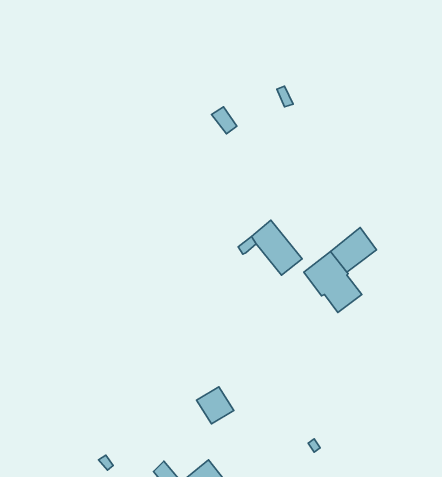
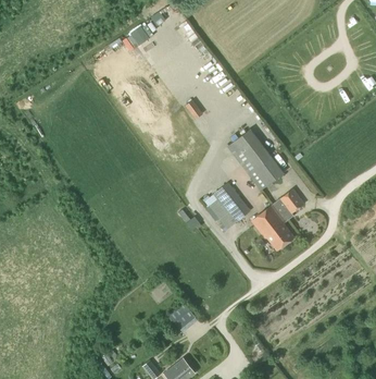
building: none -> [227,129,284,190]

